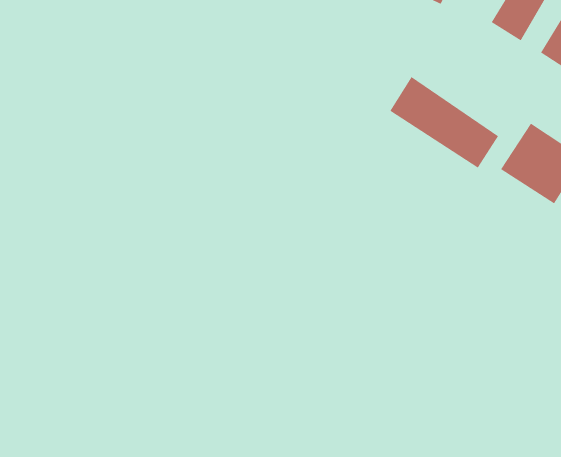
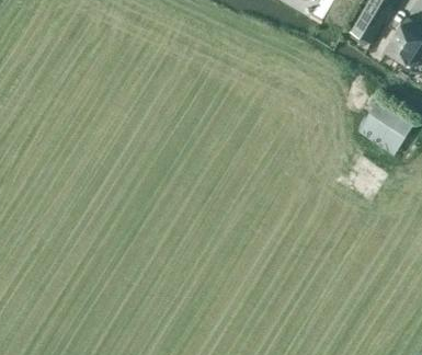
building: [390,76,499,168] -> none

